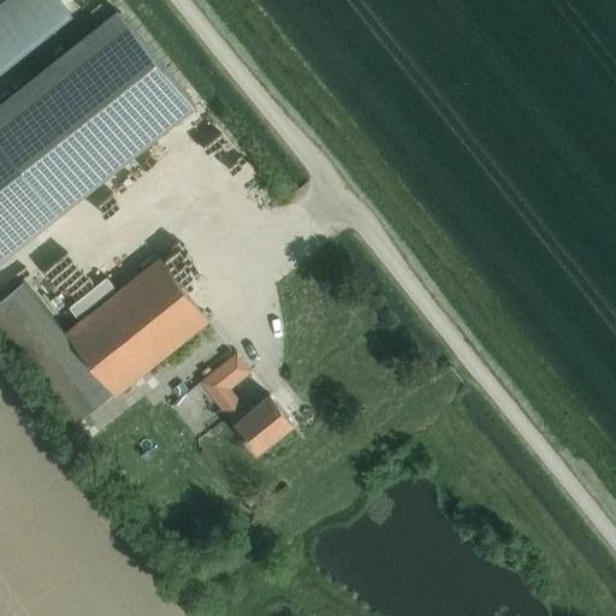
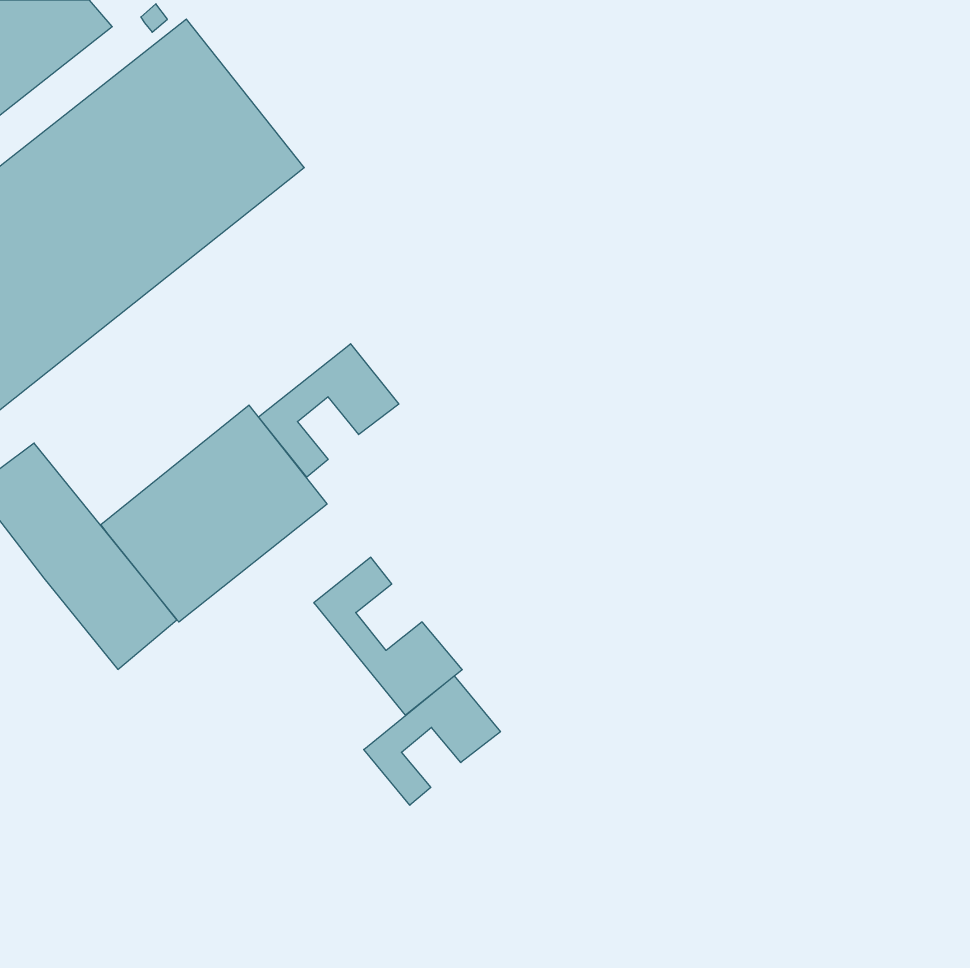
building: none -> [258,344,399,477]
building: none -> [364,676,500,805]

